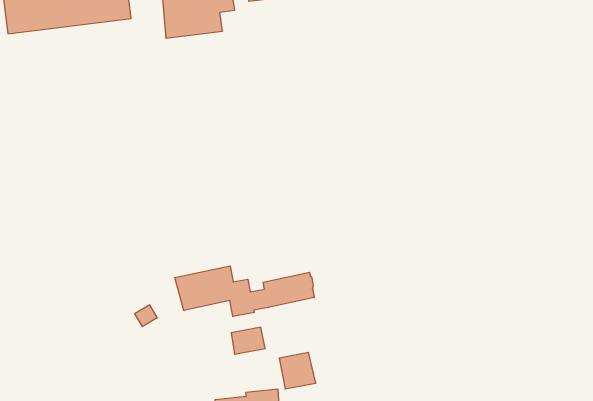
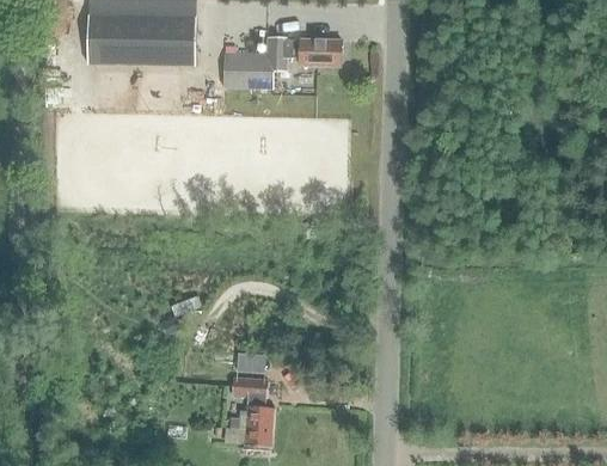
building: [175,266,314,317] -> none
building: [279,352,316,389] -> [240,373,269,401]

